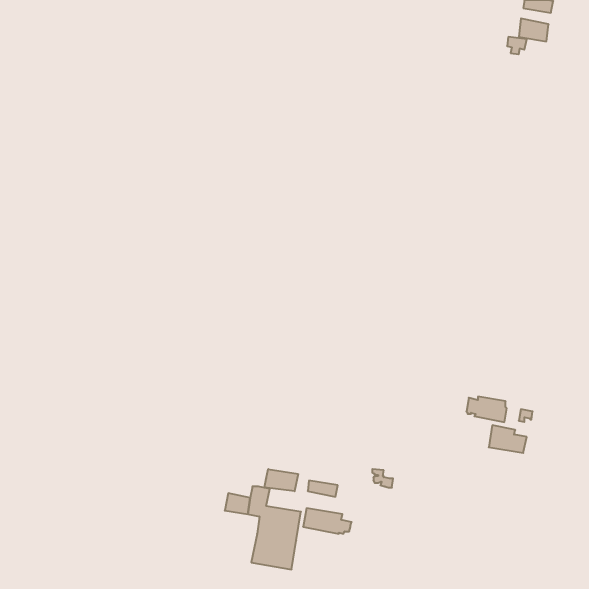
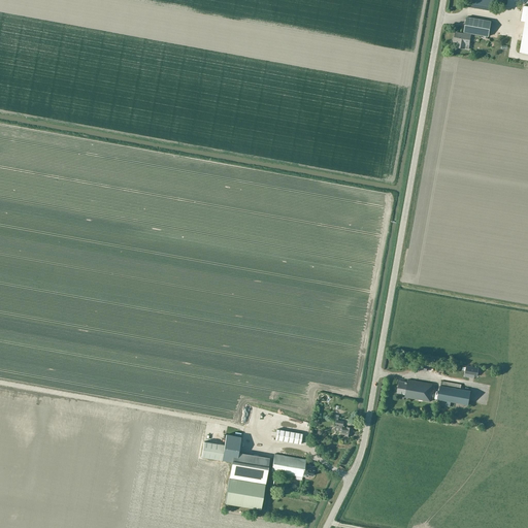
building: [466,397,507,422] -> [397,380,433,402]
building: [264,469,298,491] -> none

